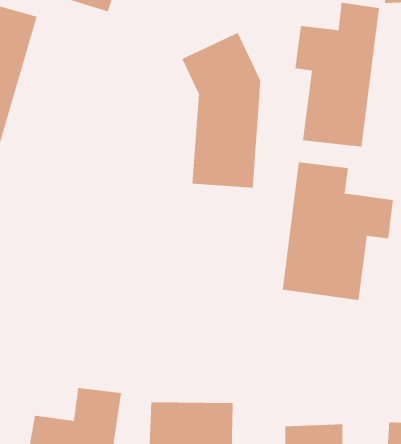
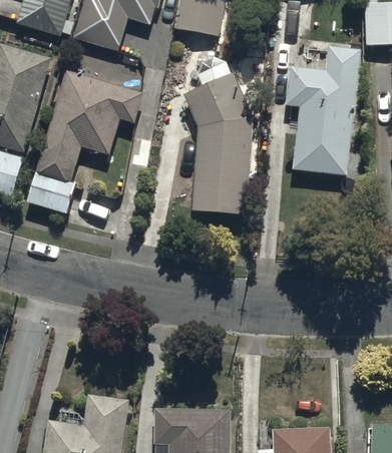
building: none -> [26,69,145,212]
building: [282,162,394,301] -> none

